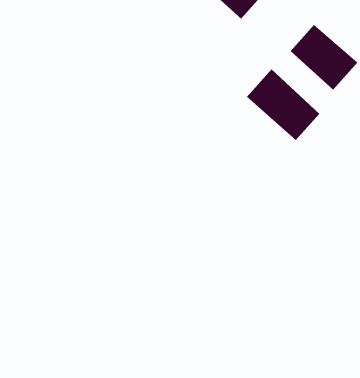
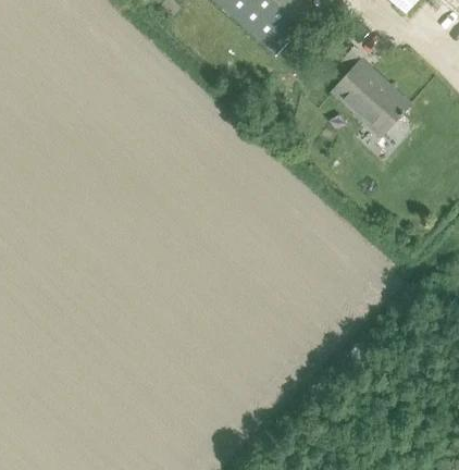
building: [246,69,320,141] -> none

